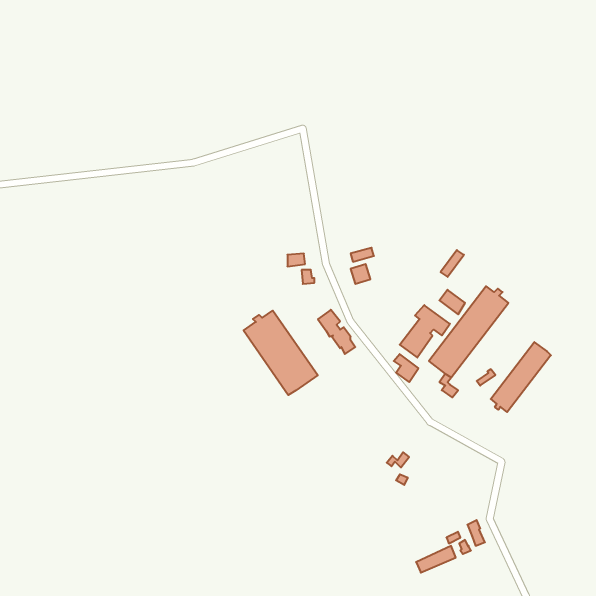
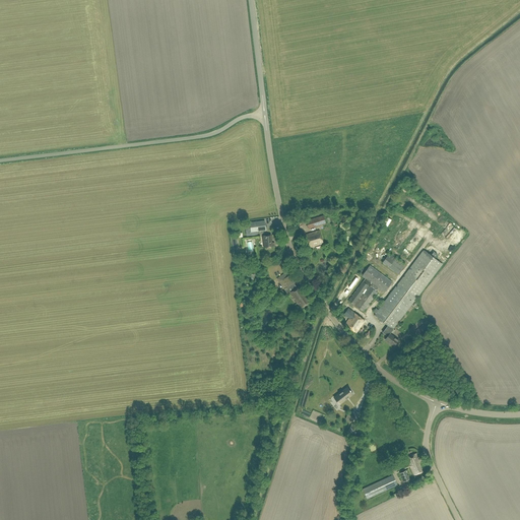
building: [244,311,318,395] -> none
building: [491,342,551,412] -> none

